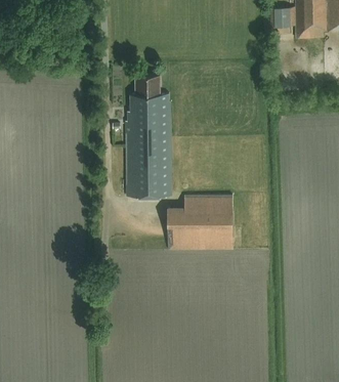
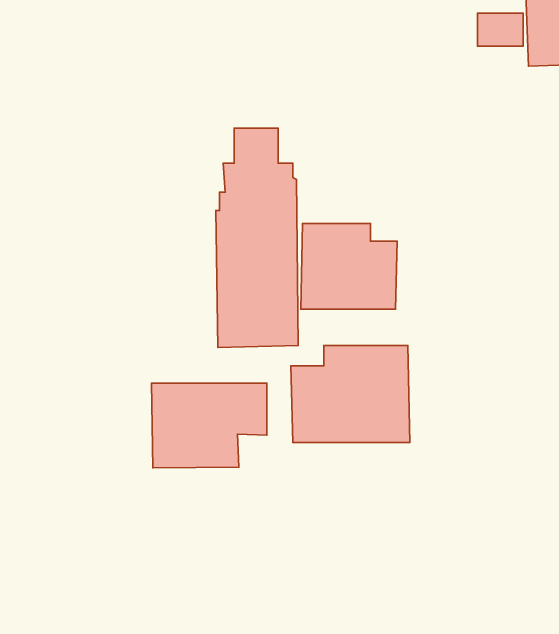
building: none -> [301,223,397,309]
building: none -> [151,383,267,468]

